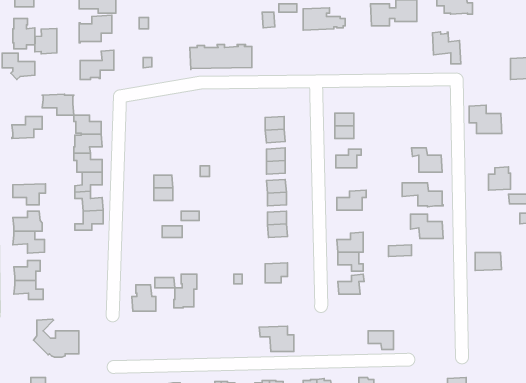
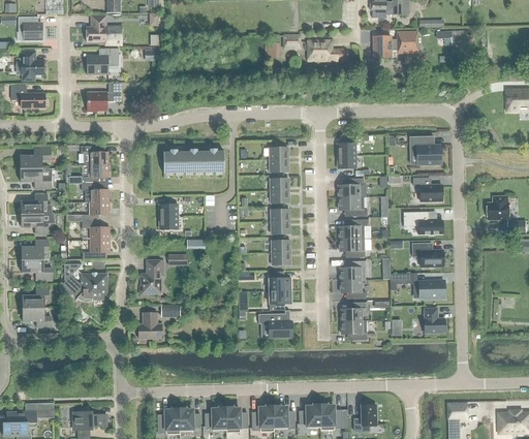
building: [35,28,57,54] -> none
building: [432,32,461,64] -> none
building: [190,44,252,70] -> [162,149,223,174]
building: [42,94,74,115] -> [20,167,51,188]
building: [469,105,502,133] -> [409,136,441,164]
building: none -> [20,194,53,214]
building: none -> [338,196,367,216]
building: none -> [339,239,365,257]
building: none -> [268,272,290,291]
building: [475,253,501,270] -> [418,281,444,299]
building: [174,274,197,308] -> [139,260,162,293]
building: none -> [424,308,444,333]
building: [34,319,79,357] -> [61,263,105,301]
building: [259,326,294,352] -> [257,313,291,338]
building: [368,331,394,350] -> [341,321,366,340]

